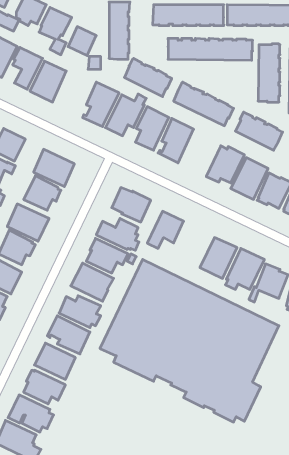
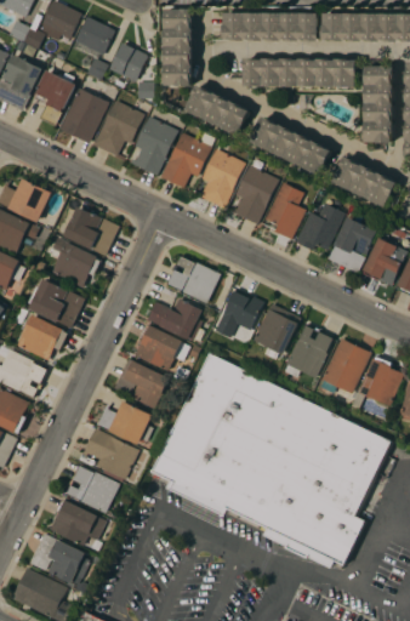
building: none -> [91,101,143,156]
building: none -> [263,183,304,239]
building: none -> [252,303,301,359]

